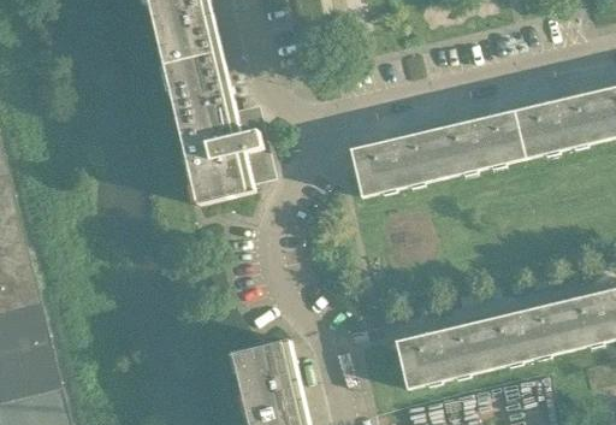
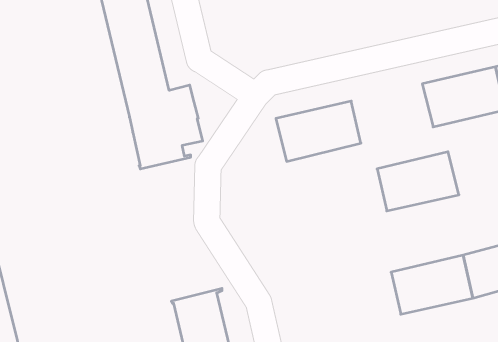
building: [432,111,523,177] -> [377,152,459,211]
building: [393,321,487,389] -> none

